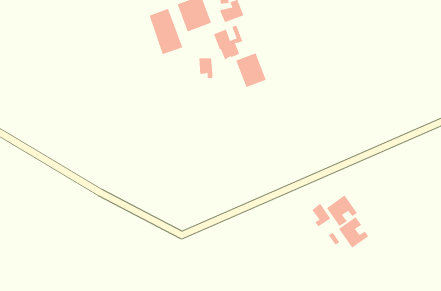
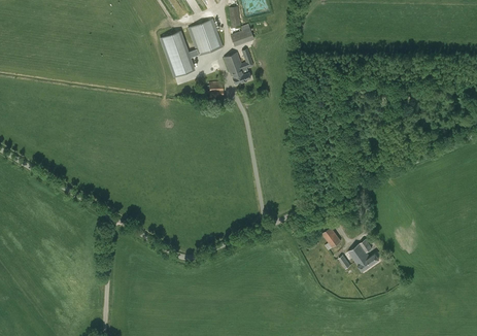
building: [235,52,267,88] -> none
building: [326,195,358,227] -> none

